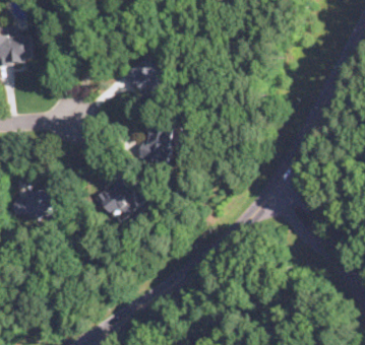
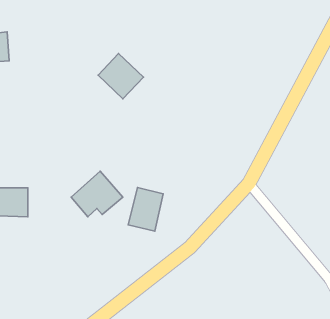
building: [138,120,173,162] -> [128,188,163,231]

